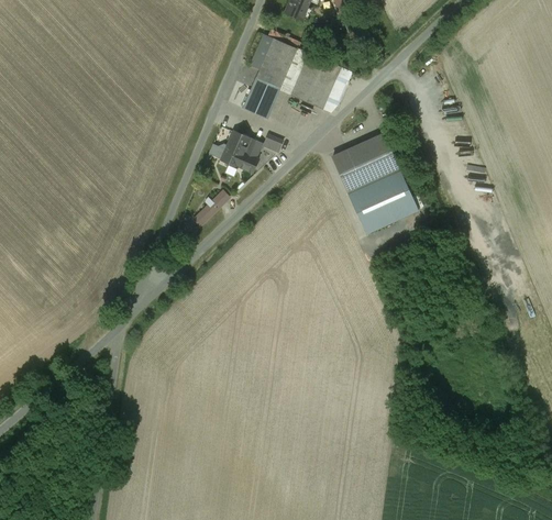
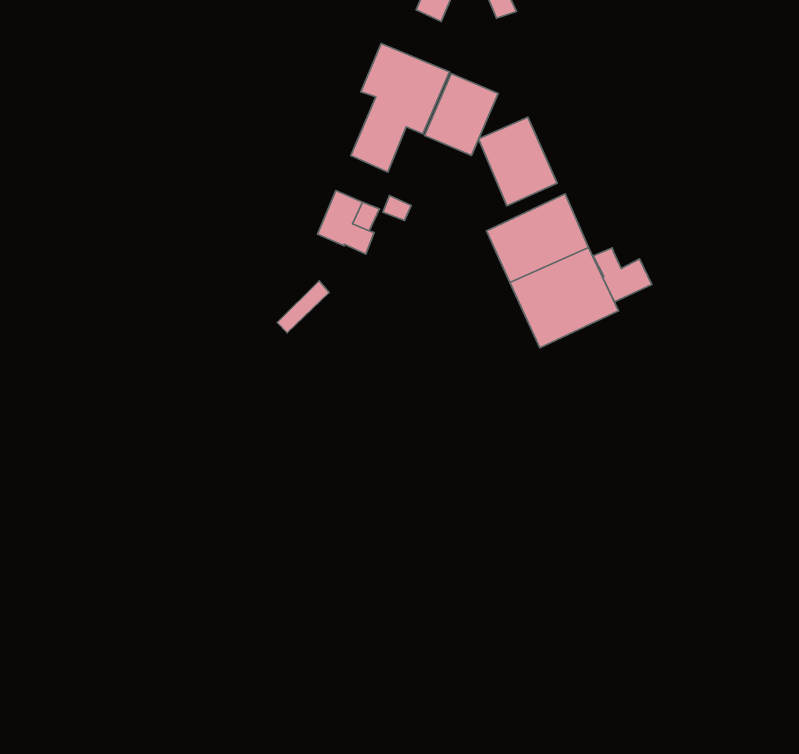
building: none -> [479,117,557,206]
building: none -> [593,248,652,302]

